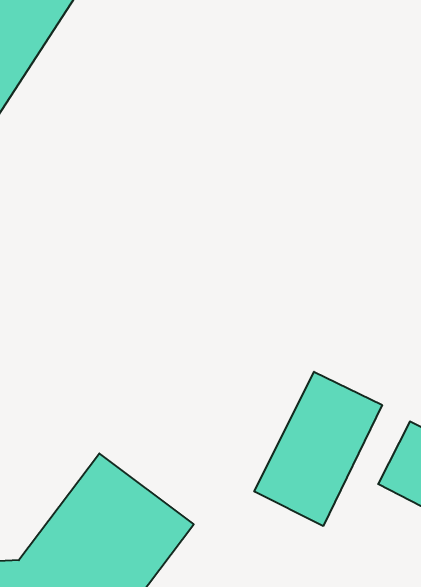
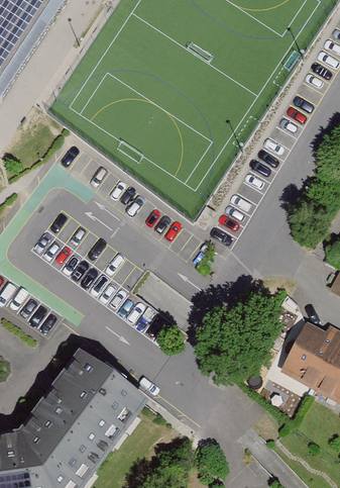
building: [254,372,382,526] -> none

